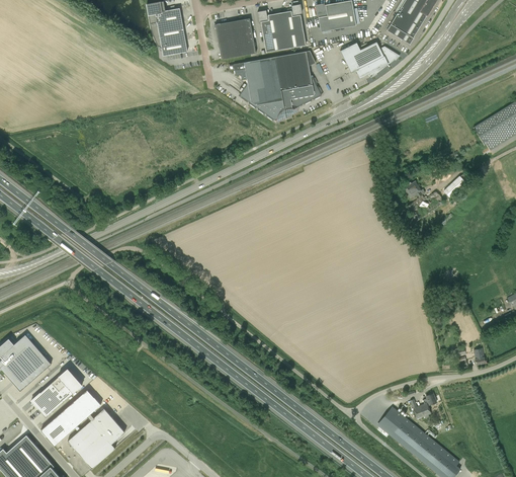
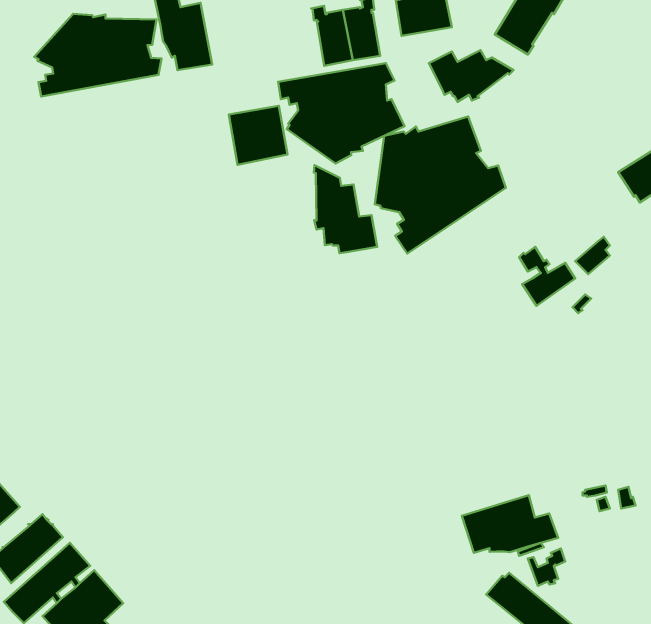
building: none -> [34,14,161,97]
building: [214,18,256,60] -> [229,106,288,165]
building: none -> [375,117,506,253]
building: none -> [314,165,377,253]
building: none -> [462,495,558,553]

